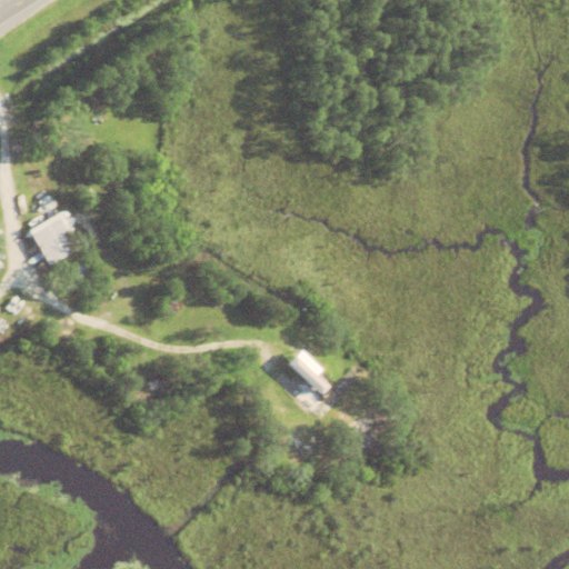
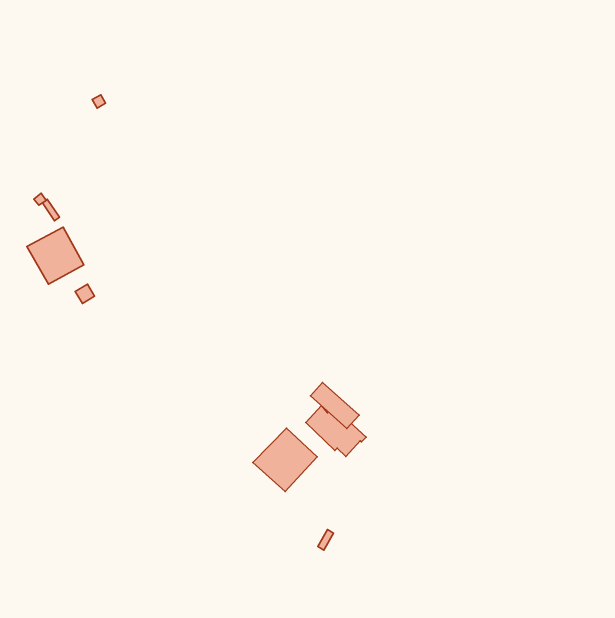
building: none -> [253,428,317,492]

